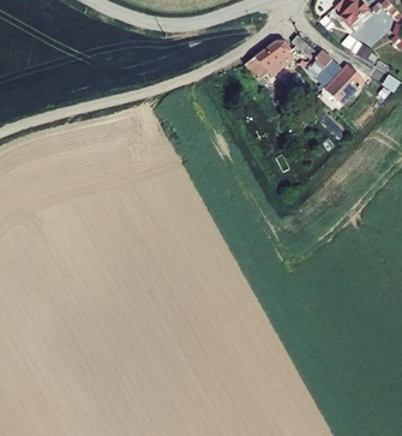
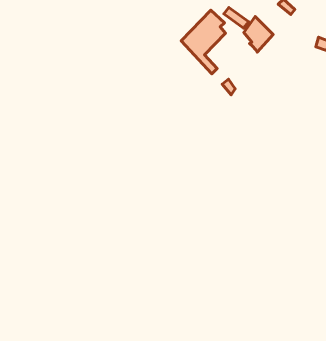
building: [324,68,360,103] -> none

